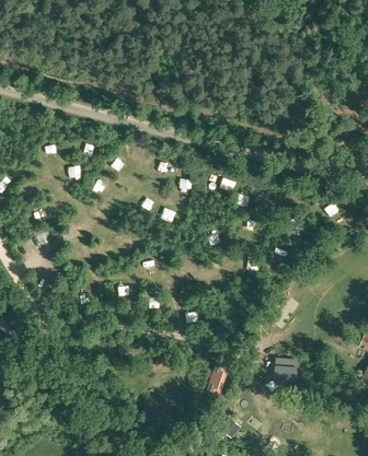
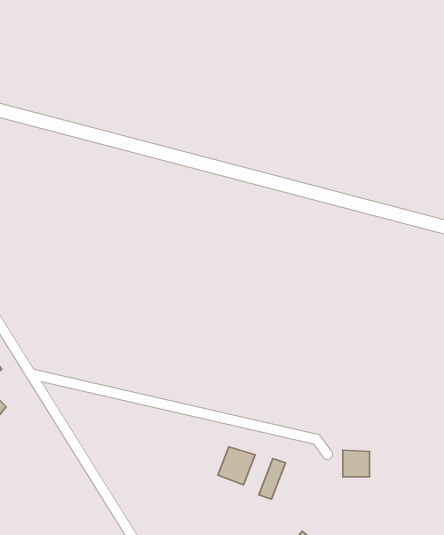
building: none -> [218,447,255,485]

